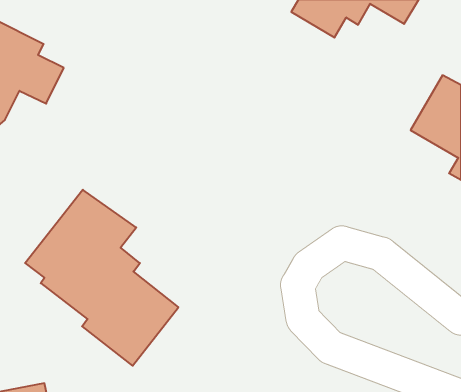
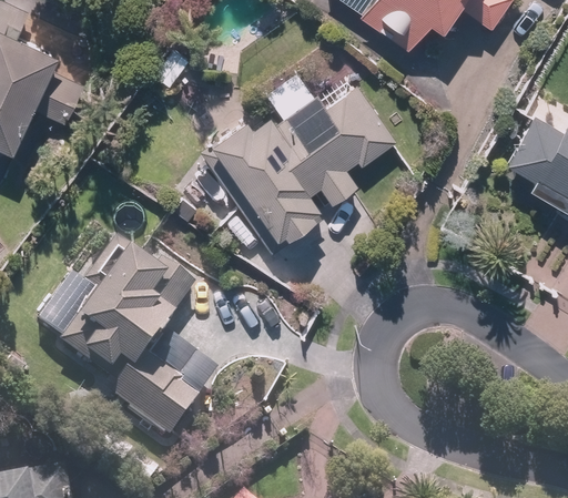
building: none -> [175,72,399,252]

